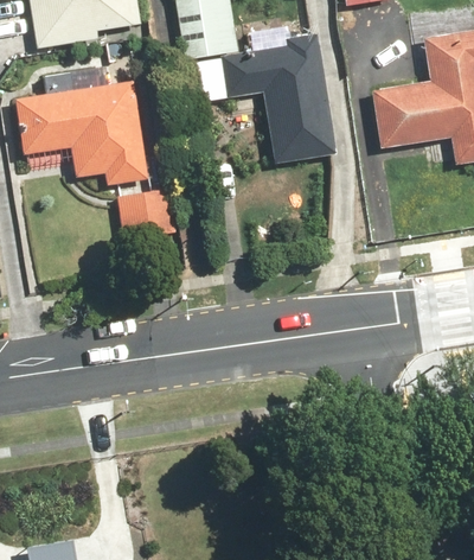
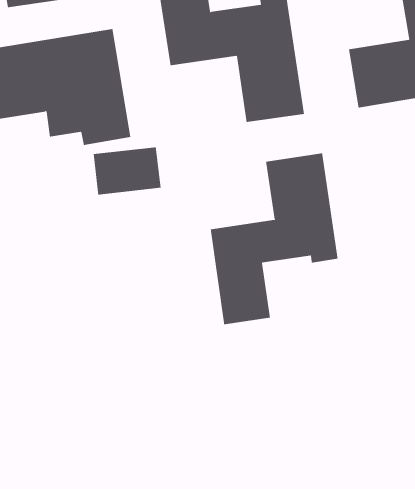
building: none -> [210,152,338,325]

